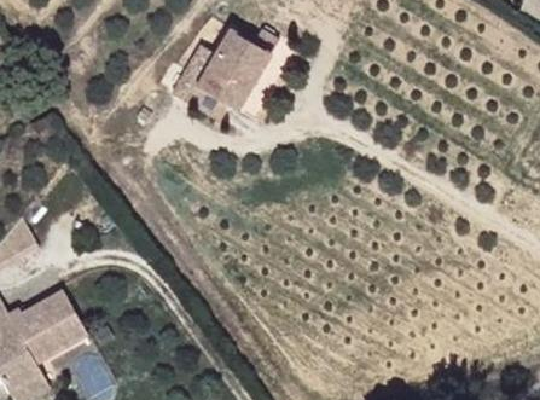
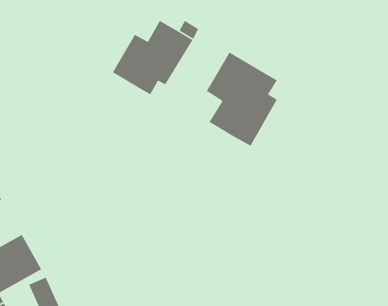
building: none -> [206,52,278,147]

